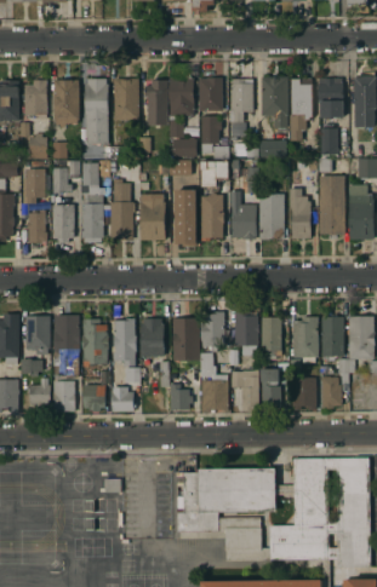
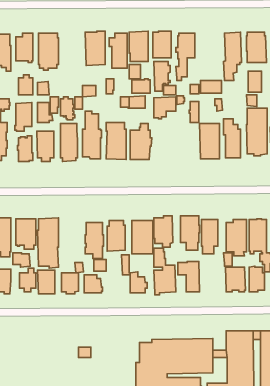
building: [261,77,287,128] -> none
building: [85,79,109,148] -> none
building: [229,191,256,240] -> none
building: [200,194,223,241] -> none
building: [81,320,108,367] -> none
building: [261,369,280,407] -> none

